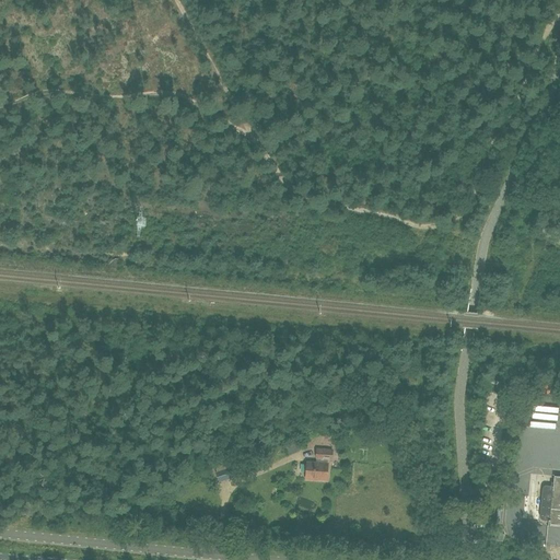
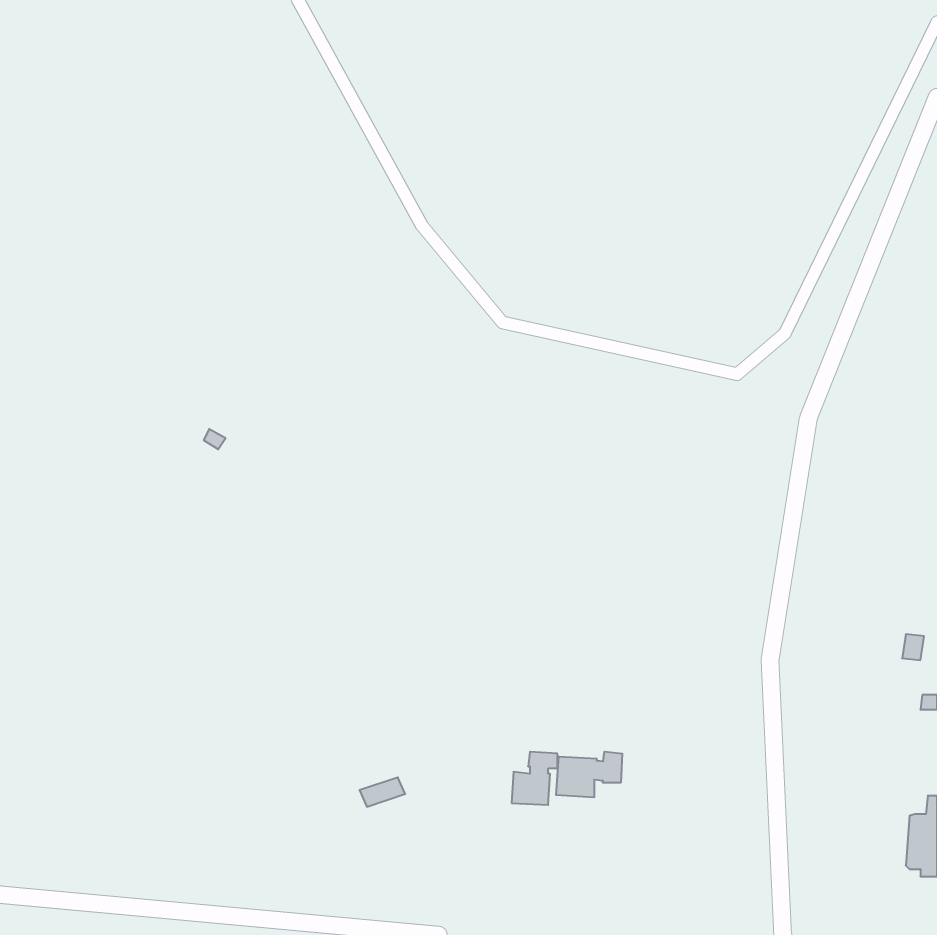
building: none -> [556,752,622,797]

